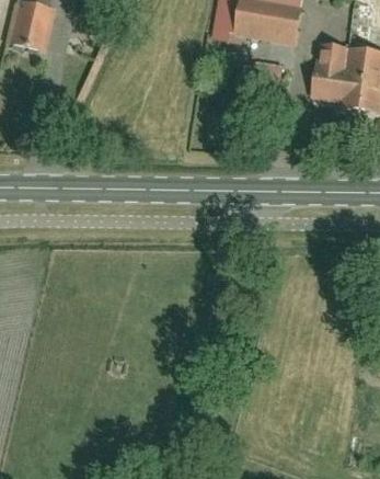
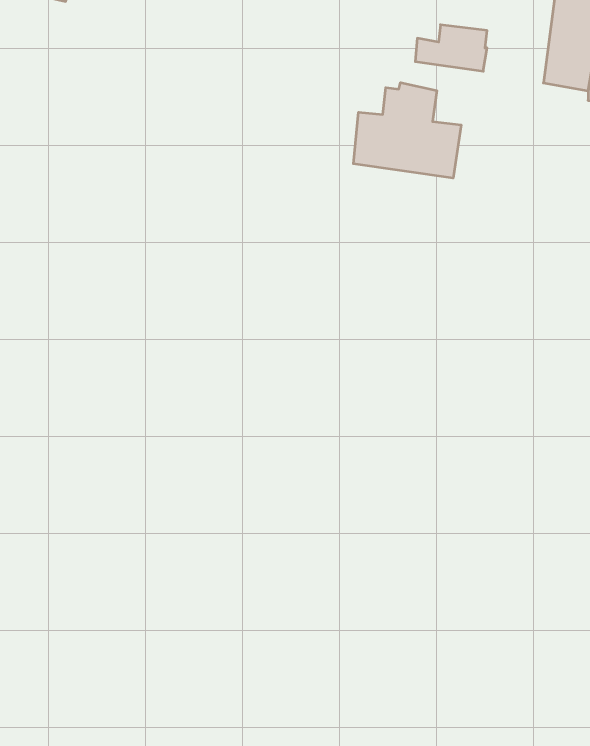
building: none -> [353,83,461,178]

